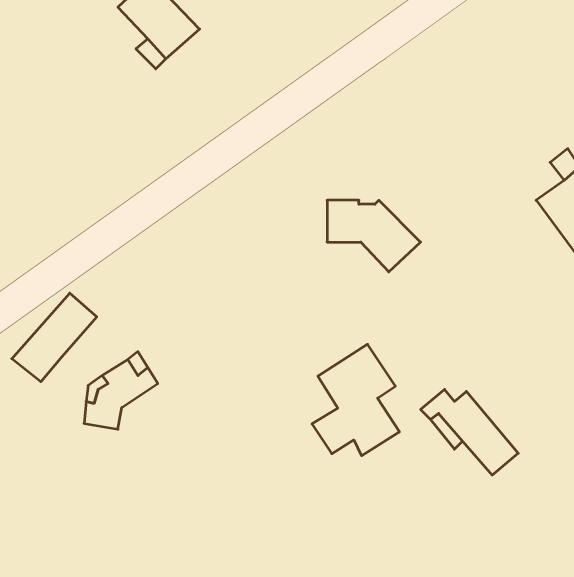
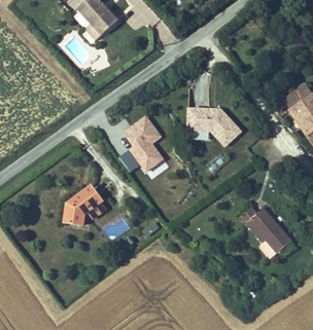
building: [12,293,97,382] -> none
building: [312,344,399,456] -> [121,111,167,169]

